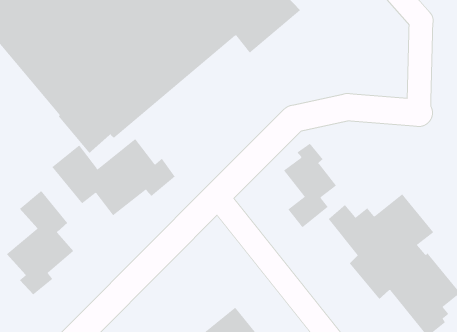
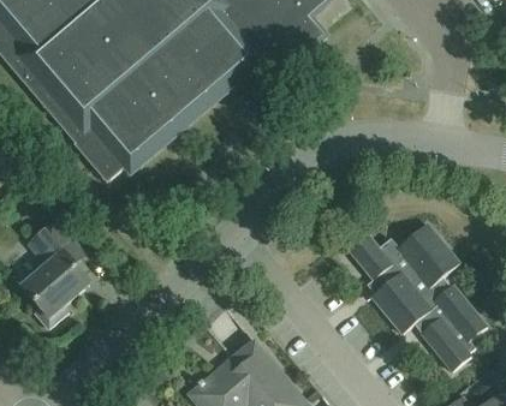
building: [51,138,176,216] -> none
building: [283,143,337,228] -> none

